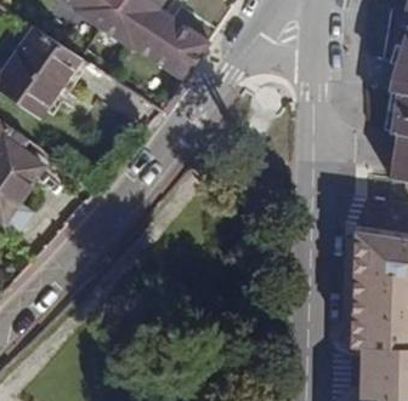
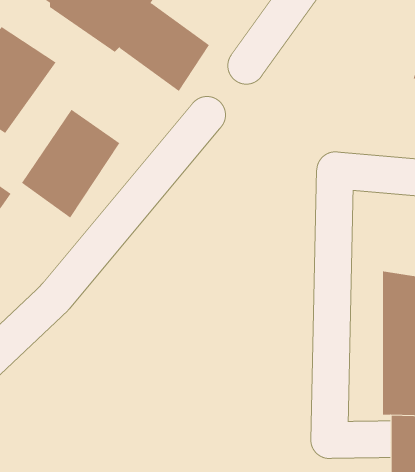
building: none -> [21,109,120,218]

